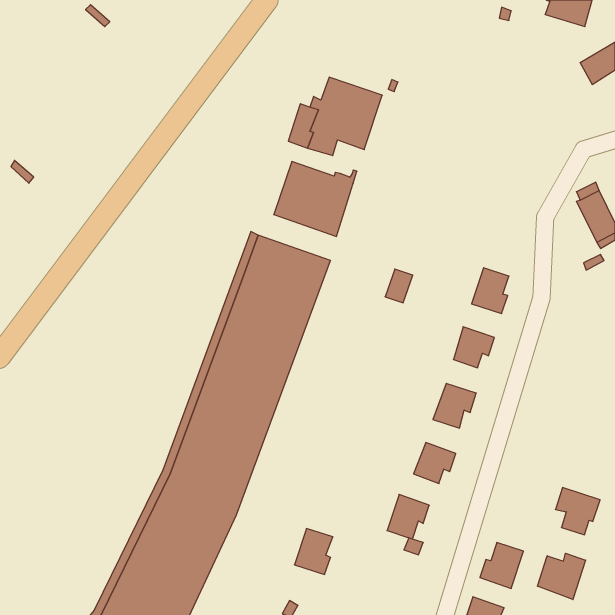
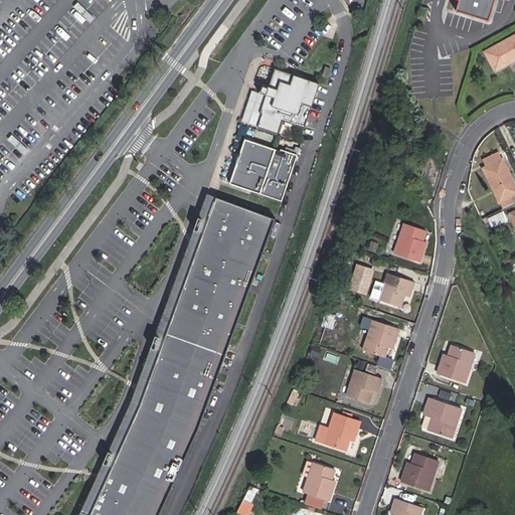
building: [385,269,413,303] -> [348,266,371,294]
building: none -> [437,346,473,383]
building: [555,488,600,535] -> [422,398,460,438]
building: [294,529,333,574] -> [302,463,334,501]
building: [537,553,586,600] -> none

